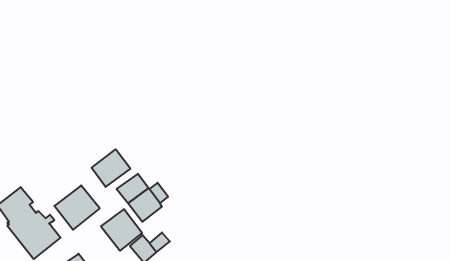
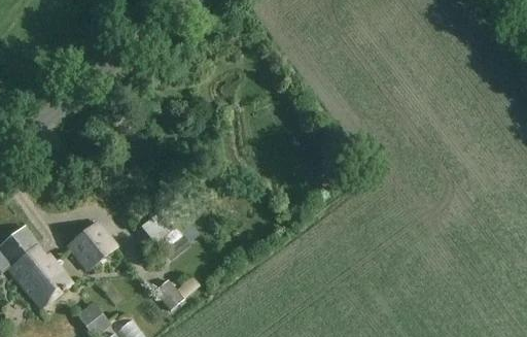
building: [92,149,130,187] -> none
building: [101,209,142,251] -> none

